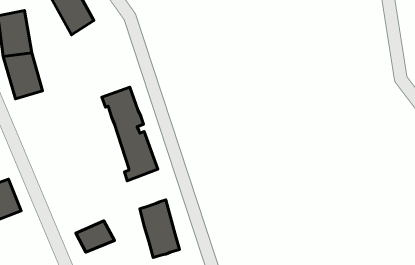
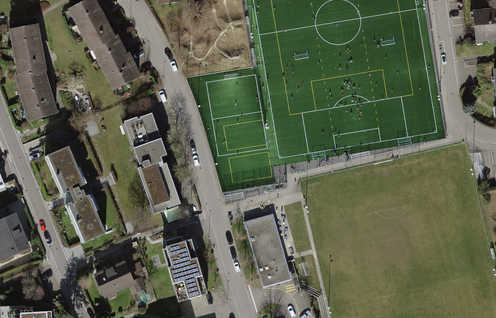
building: none -> [88,36,138,92]
building: none -> [45,143,105,244]
building: none -> [243,214,293,288]

